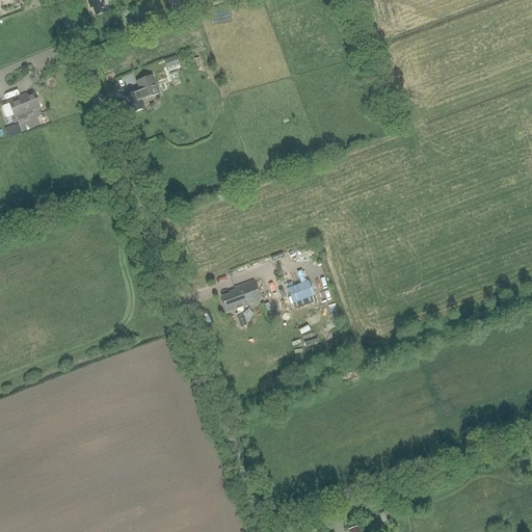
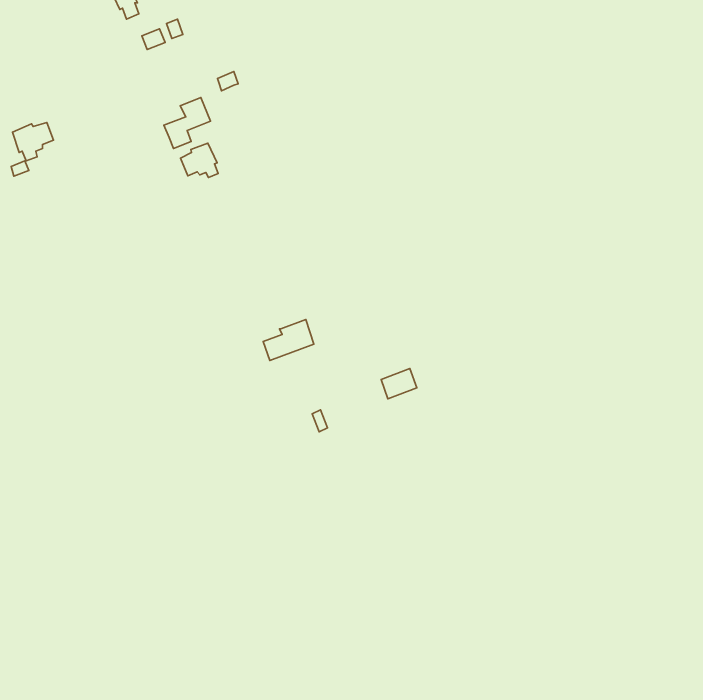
building: none -> [180,143,218,178]
building: [221,280,260,311] -> [263,319,314,361]

